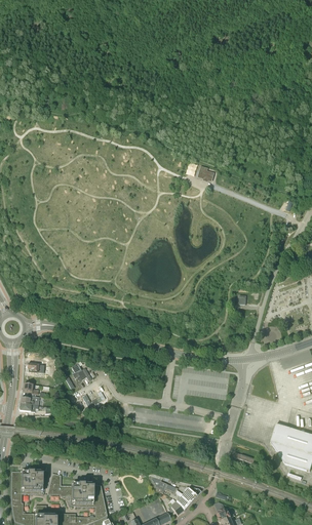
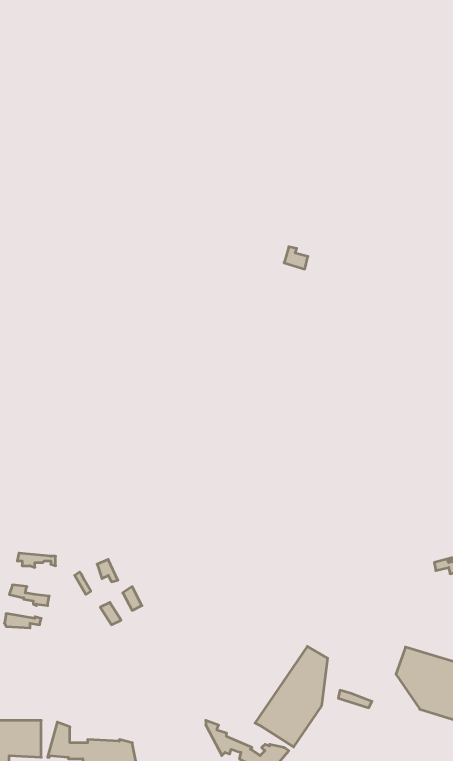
building: none -> [255,646,328,747]

